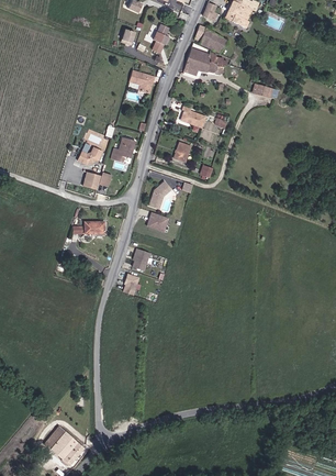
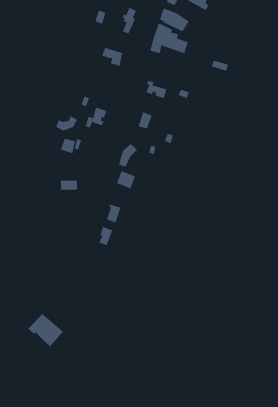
building: [44,424,85,463] -> [28,313,64,348]

